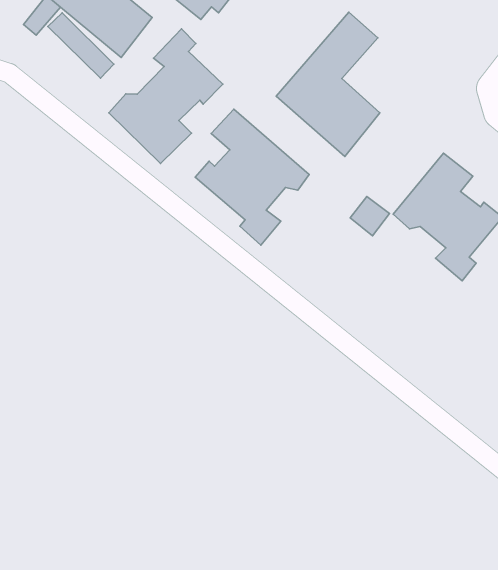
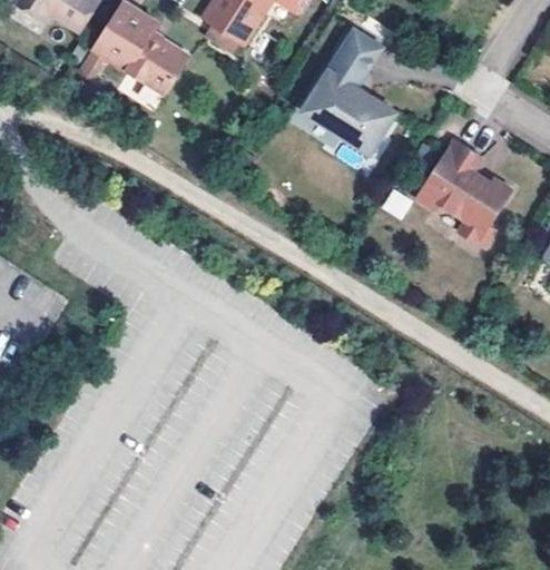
building: [109,29,223,164] -> none
building: [195,109,309,245] -> none

